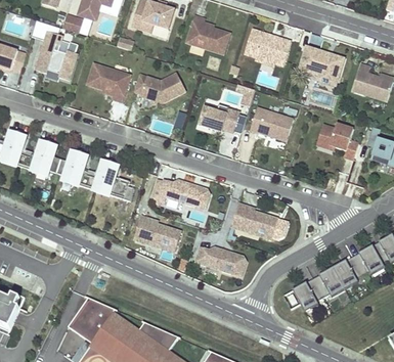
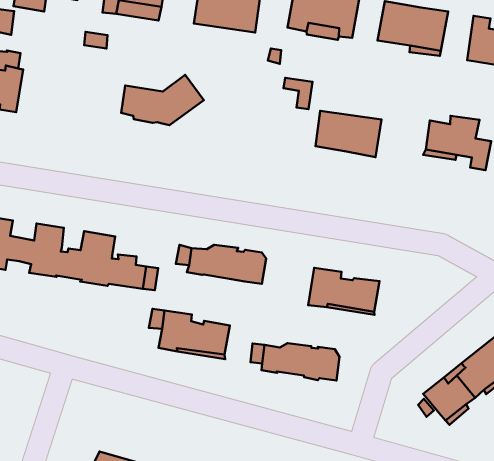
building: [87,63,130,101] -> none
building: [199,107,238,132] -> none

